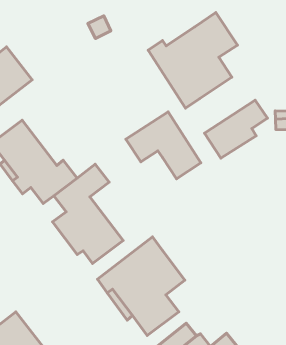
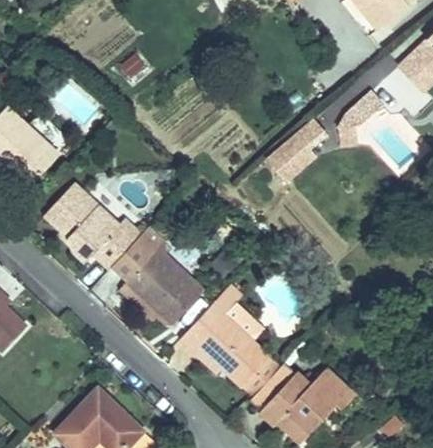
building: [148,13,237,108] -> none
building: [126,112,201,179] -> none

